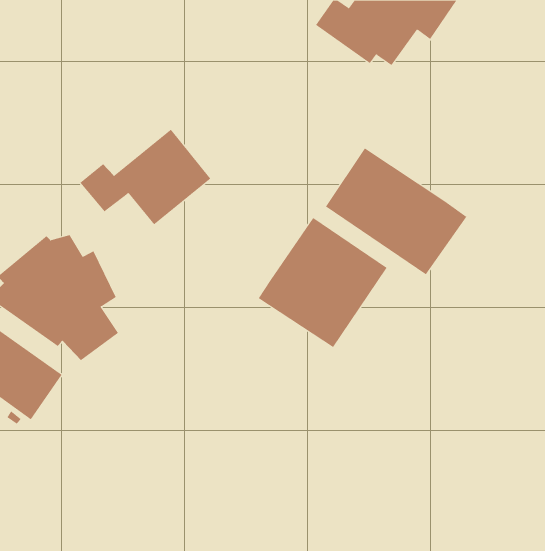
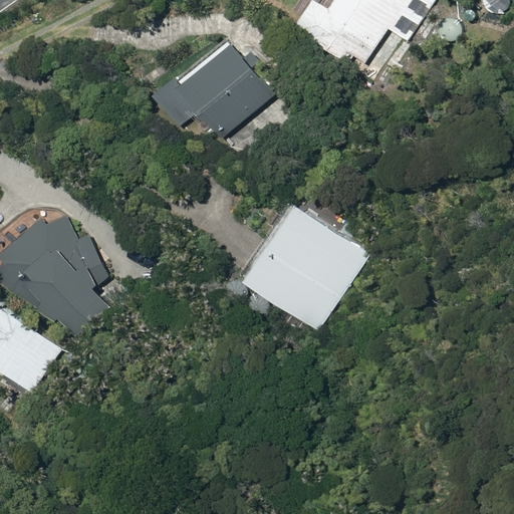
building: [79,129,211,225] -> [157,44,279,134]
building: [325,147,467,275] -> none

